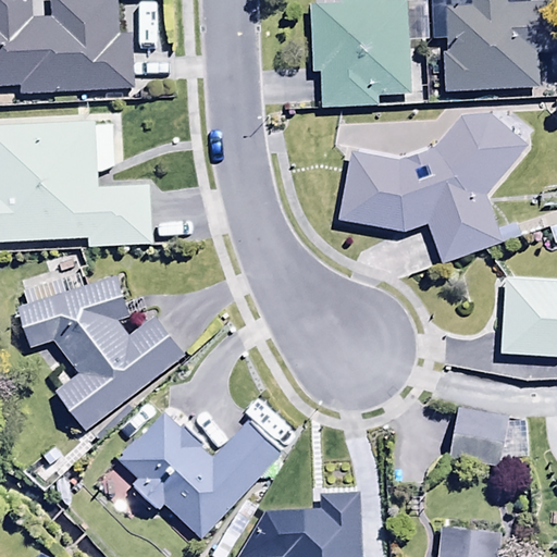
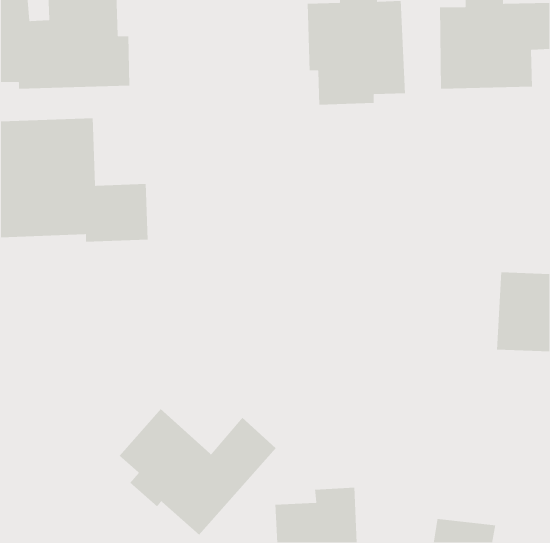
building: [339,113,528,262] -> none
building: [18,250,185,429] -> none
building: [447,404,528,467] -> none

